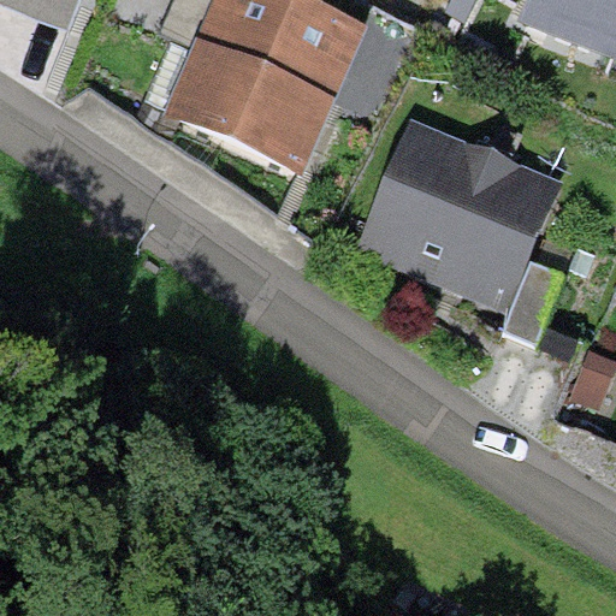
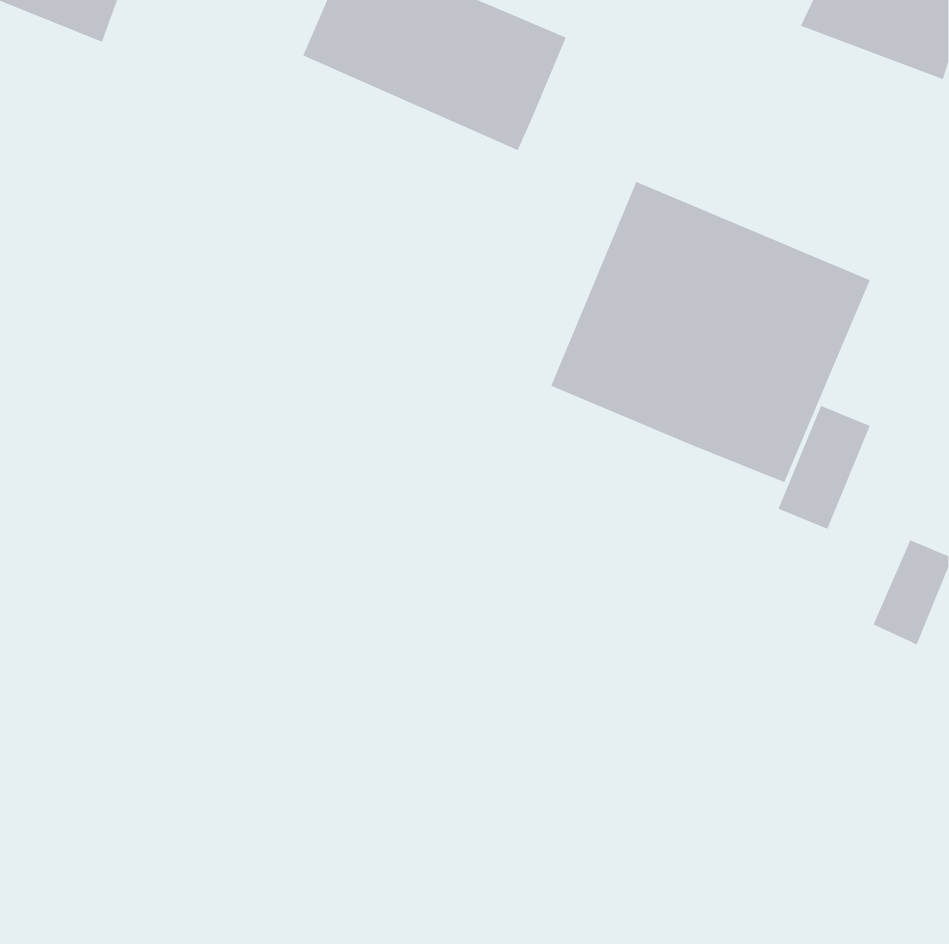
building: [161,36,334,173] -> none

